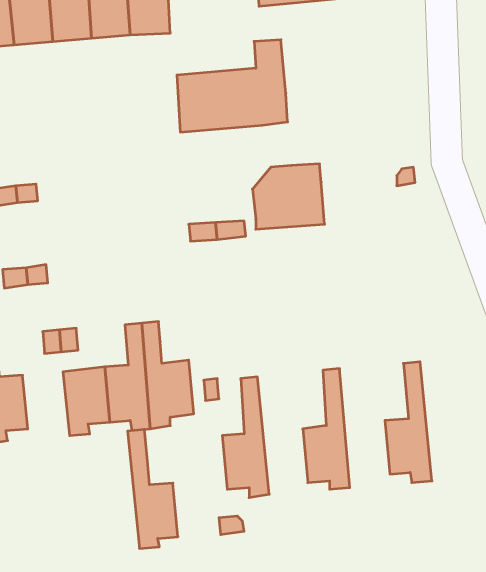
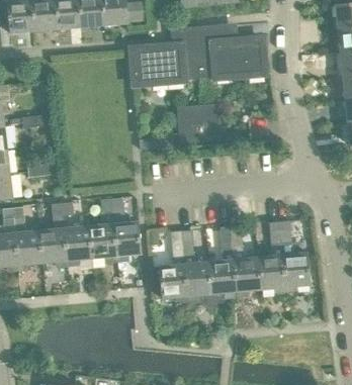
building: none -> [194,25,264,78]
building: none -> [278,221,310,294]
building: none -> [230,226,260,298]
building: none -> [38,228,67,268]
building: [128,429,178,548] -> [180,230,210,302]

